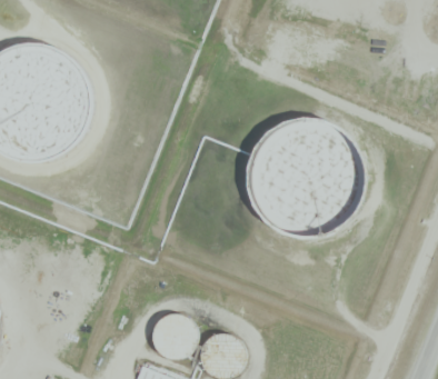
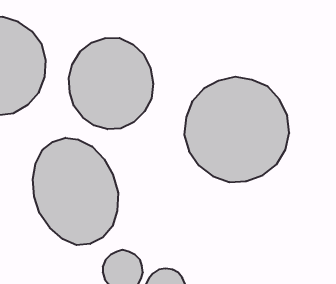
building: none -> [69,38,153,129]
building: none -> [33,138,118,245]

